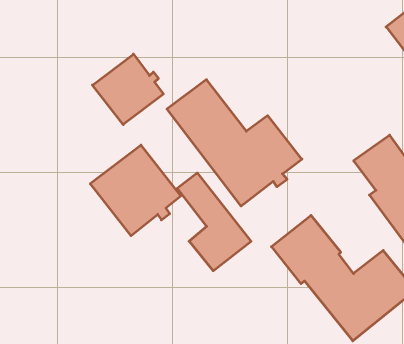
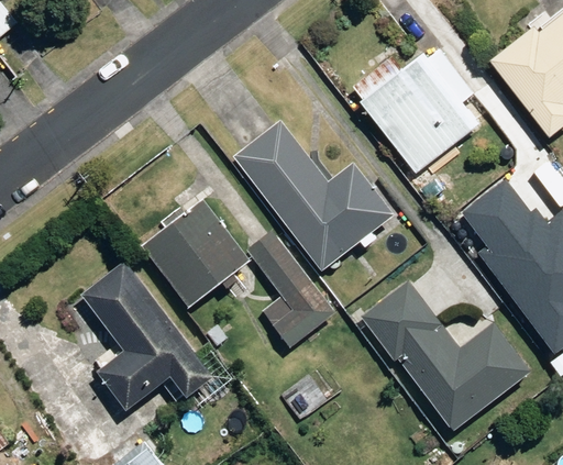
building: none -> [357,55,476,178]
building: [92,54,163,125] -> none
building: none -> [82,258,216,407]

